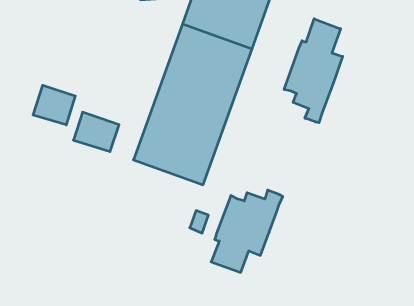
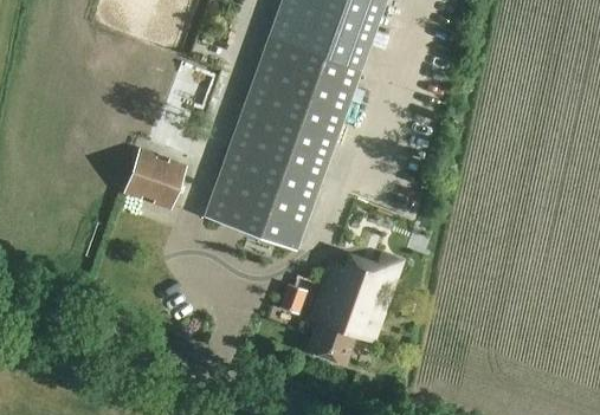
building: [284,19,343,123] -> none
building: [33,85,75,125] -> none

